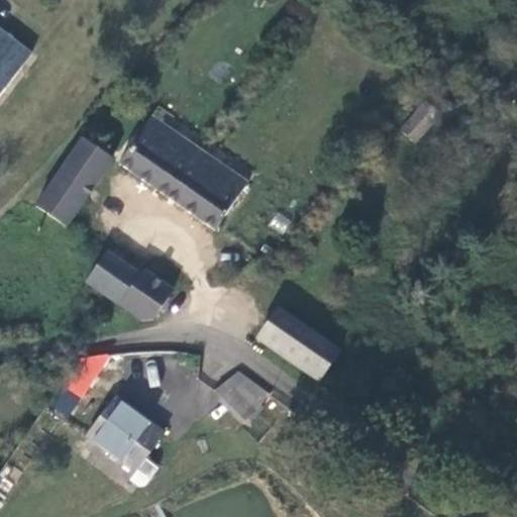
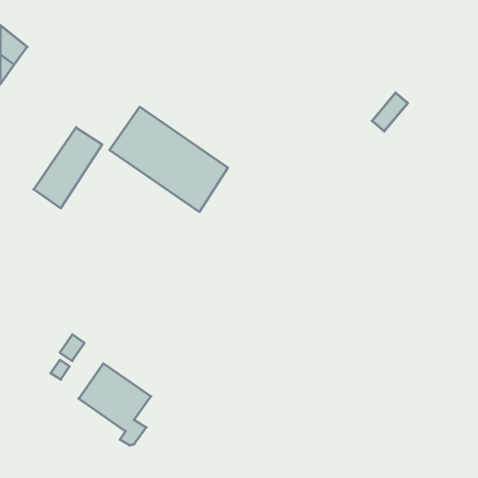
building: [87,253,171,323] -> none
building: [256,310,339,378] -> none
building: [223,377,263,416] -> none

